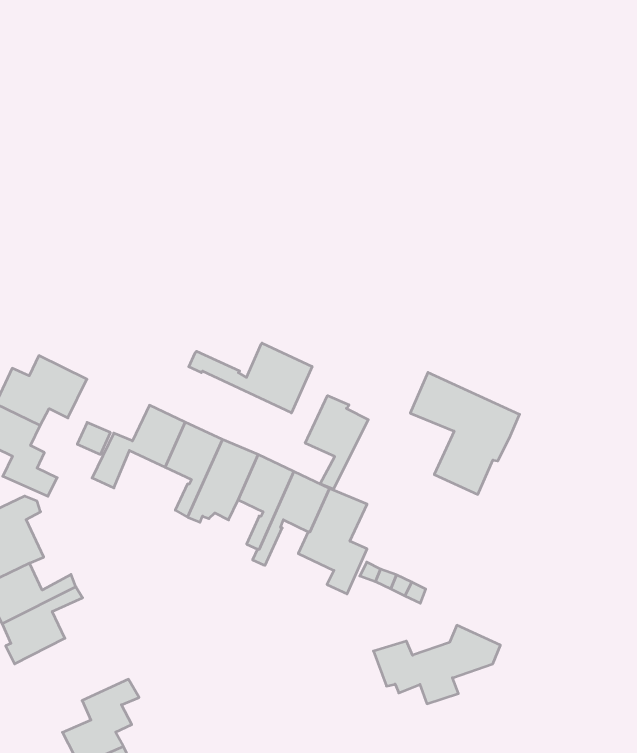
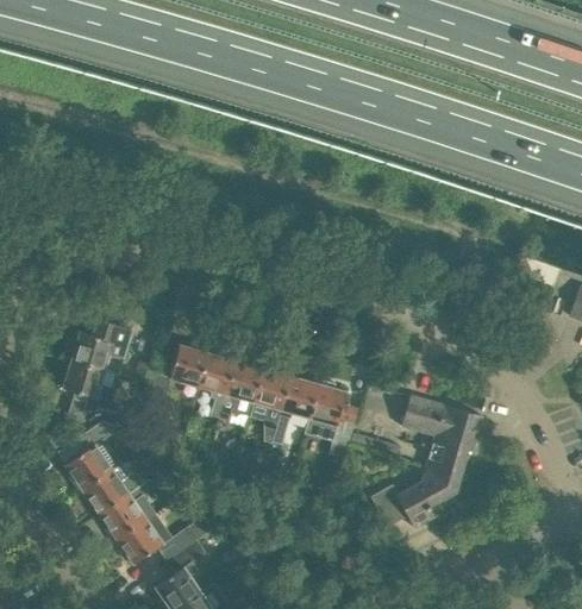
building: [189,343,312,413] -> none
building: [410,372,520,494] -> [402,395,481,477]
building: [305,396,368,489] -> none
building: none -> [113,513,213,565]

